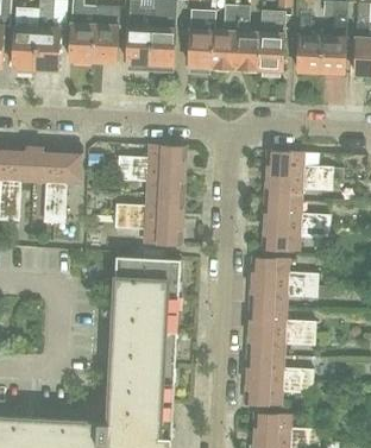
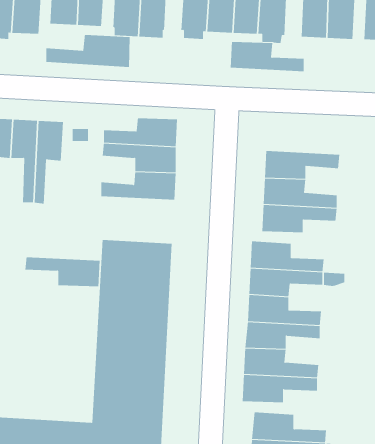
building: none -> [46,34,130,68]
building: [265,150,333,177] -> [230,42,305,72]
building: [114,215,183,242] -> [25,257,101,287]

